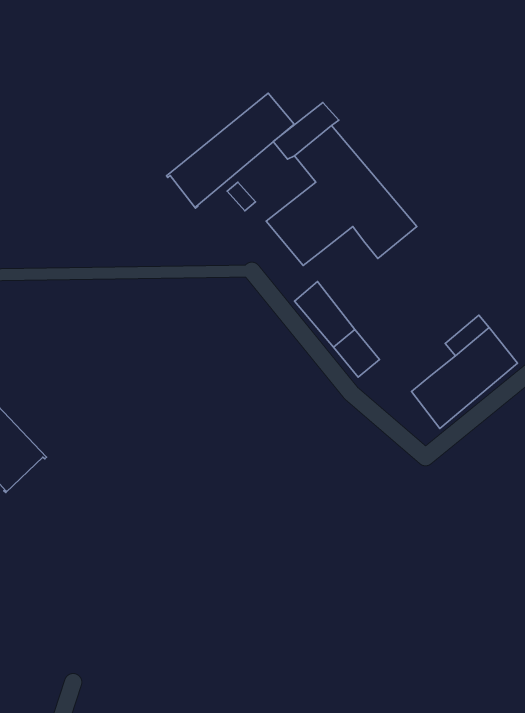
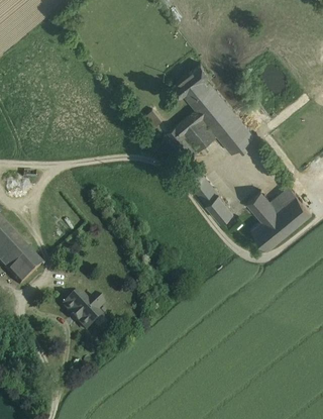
building: [167,93,294,208] -> none
building: none -> [247,188,277,217]
building: none -> [63,293,102,328]

